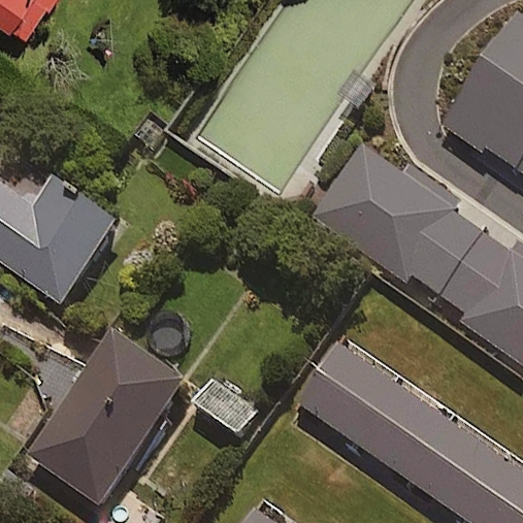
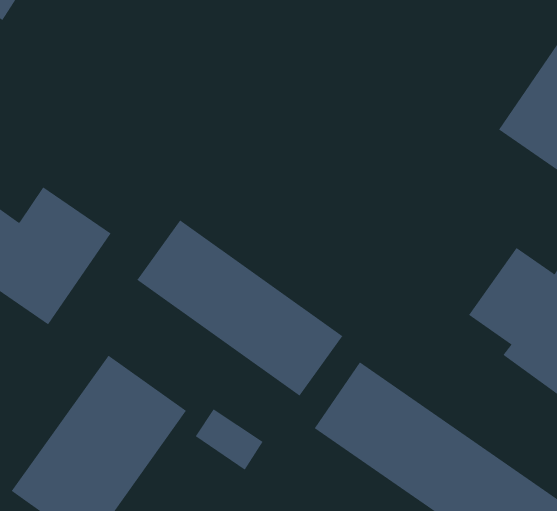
building: [313,145,483,293] -> none
building: none -> [137,219,343,396]

